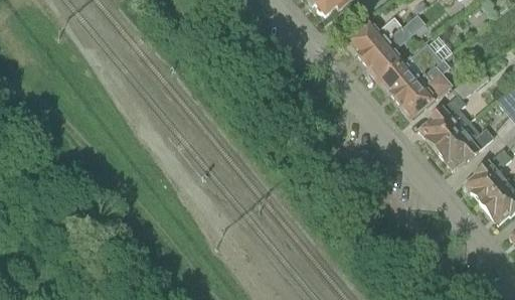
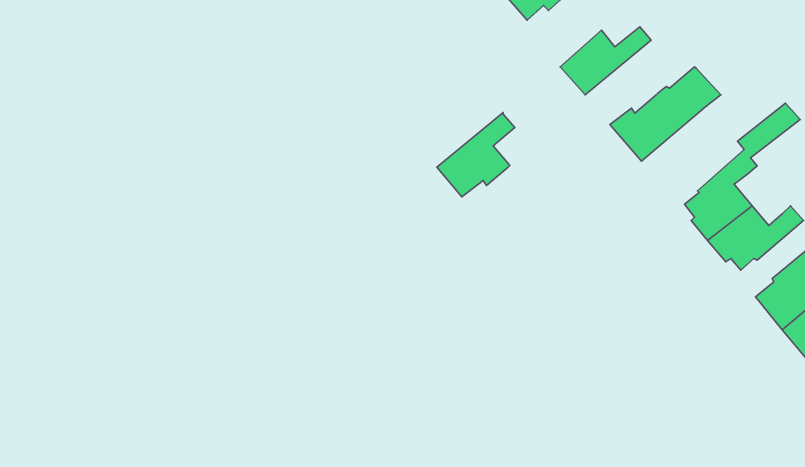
building: [361,27,408,79] -> [437,113,515,197]
building: [395,59,454,120] -> none

